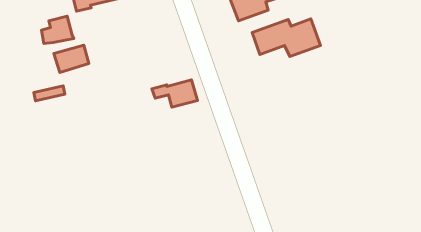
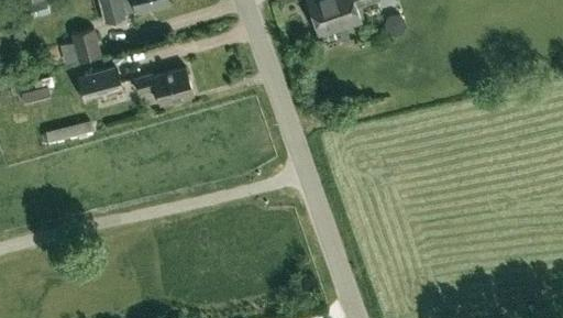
building: [252,19,321,57] -> none
building: [152,80,197,107] -> [133,69,194,106]

